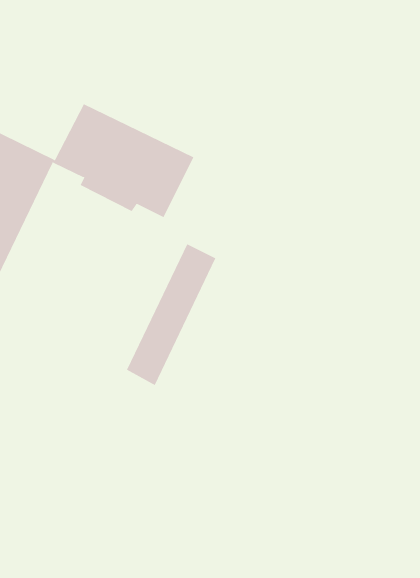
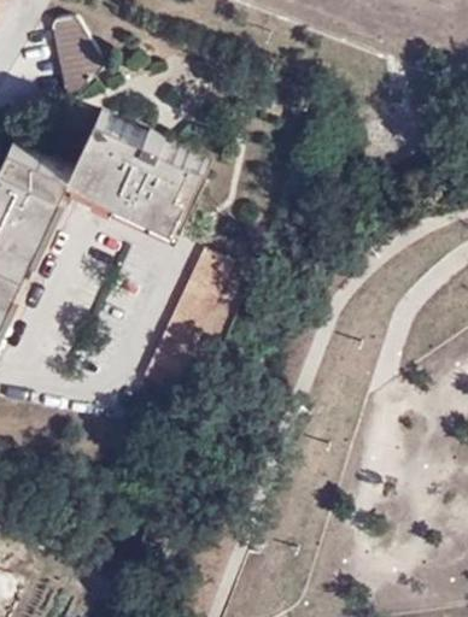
building: none -> [52,24,100,94]

